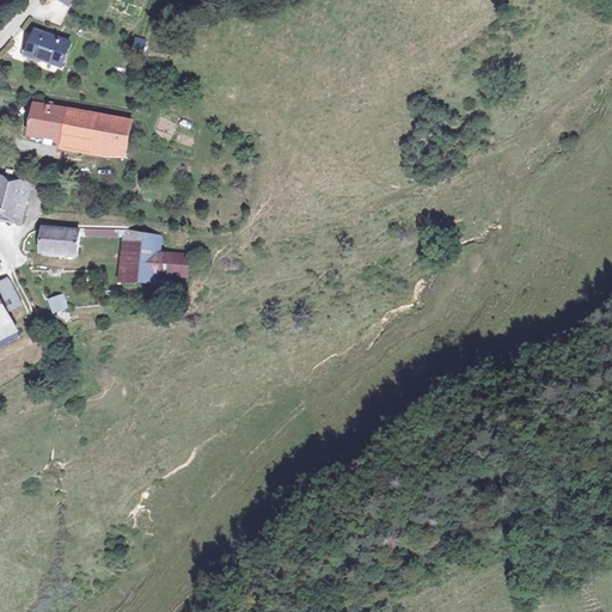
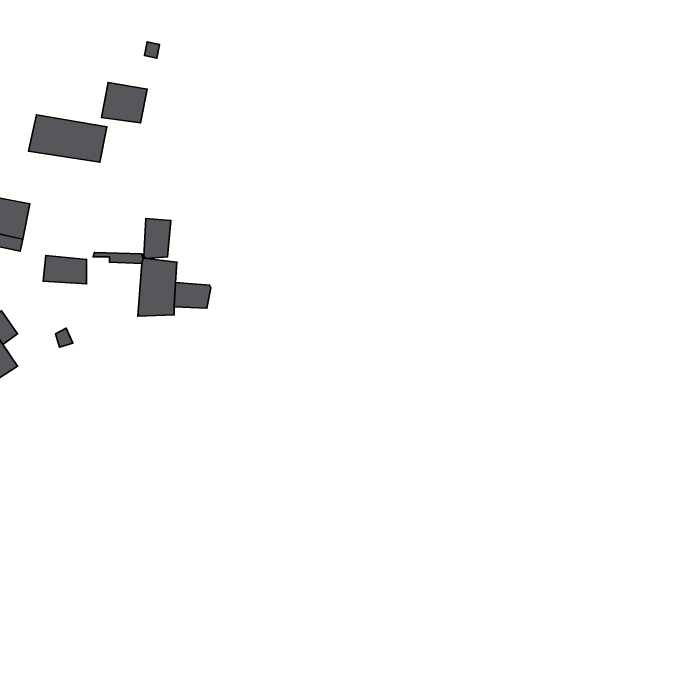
building: [17,29,56,62] -> none
building: [88,114,129,149] -> [101,82,147,123]
building: none -> [144,218,171,258]

